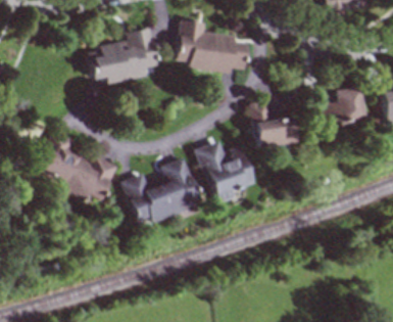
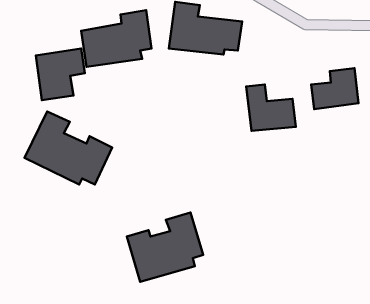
building: none -> [36,48,85,100]
building: [197,141,255,200] -> none
building: [124,157,199,226] -> [127,213,203,282]

